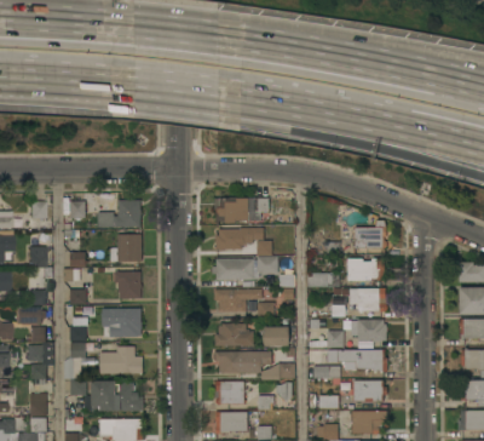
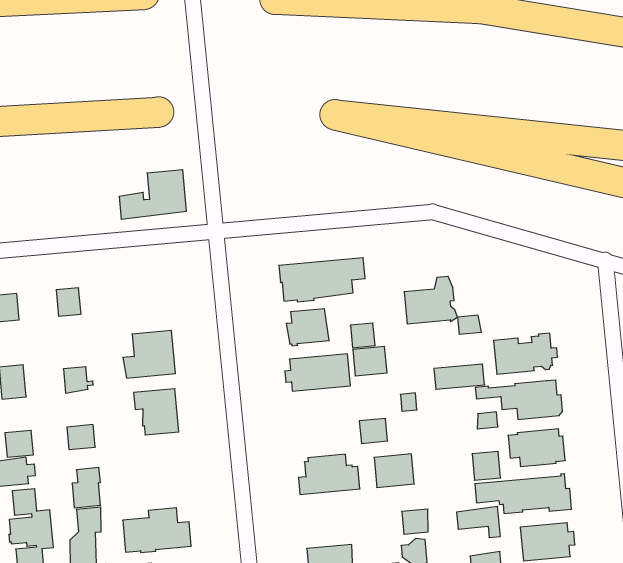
building: [98,200,140,228] -> [119,170,187,219]
building: [355,220,387,250] -> [404,276,457,324]
building: [214,290,261,311] -> none
building: [102,309,142,337] -> none
building: [214,351,271,373] -> none

